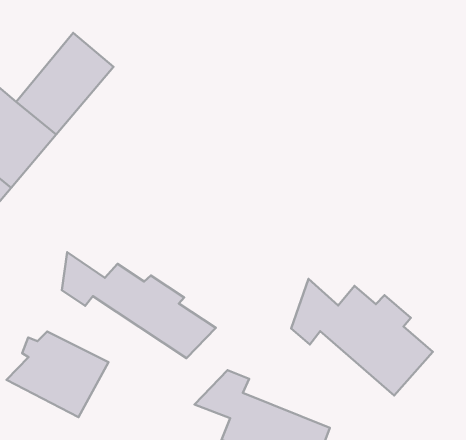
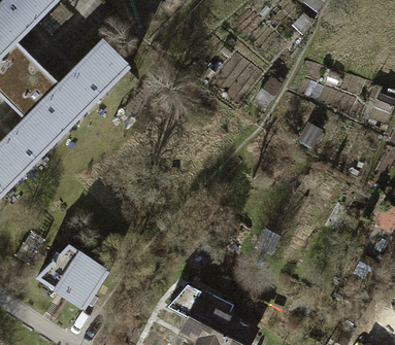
building: [62,252,216,358] -> none
building: [291,279,433,395] -> none

